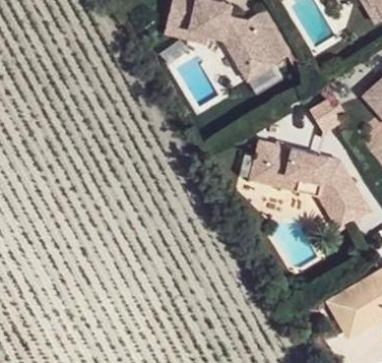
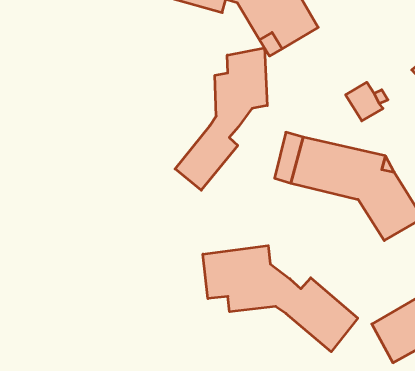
building: none -> [175,48,267,190]
building: none -> [203,246,358,352]

